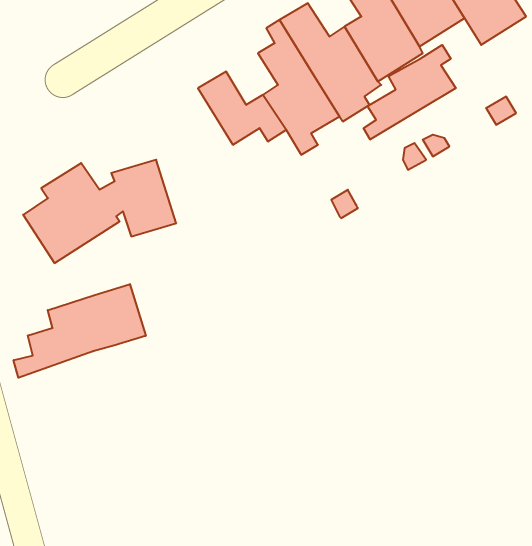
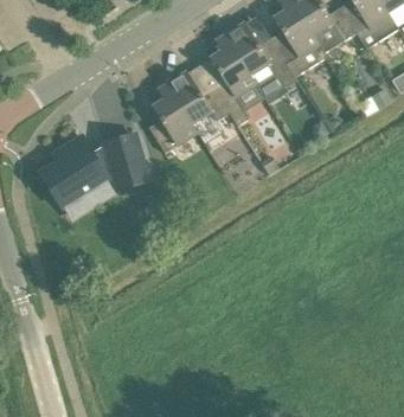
building: [364,45,456,140] -> none
building: none -> [148,82,197,152]
building: [14,284,146,378] -> none

